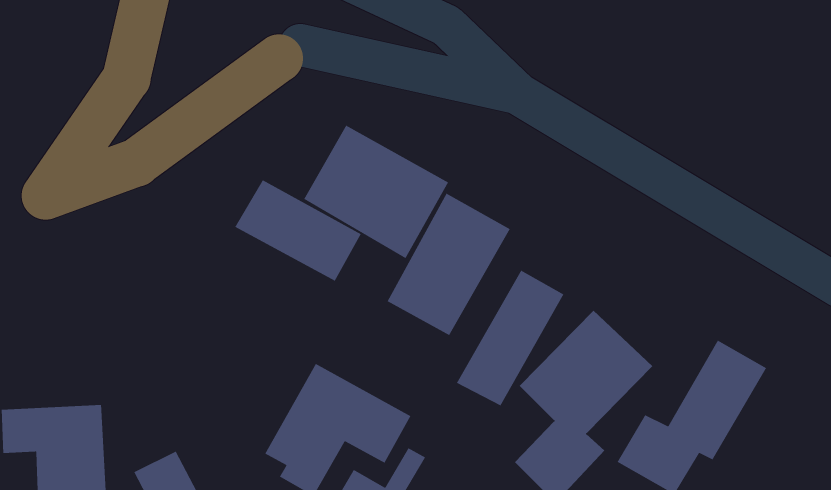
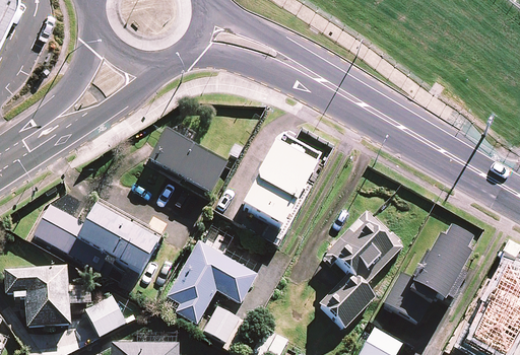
building: [303,125,449,259] -> none
building: [456,270,564,407] -> none
building: none -> [35,205,157,274]

